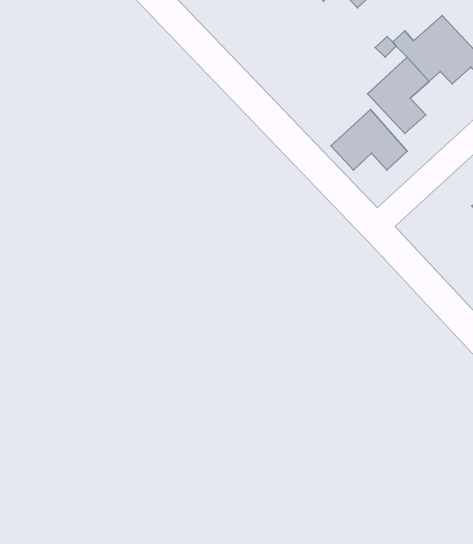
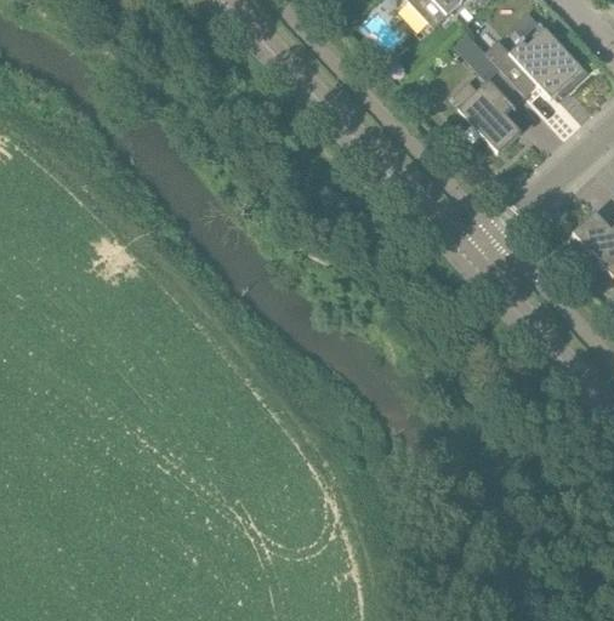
building: [331,109,407,170] -> none

